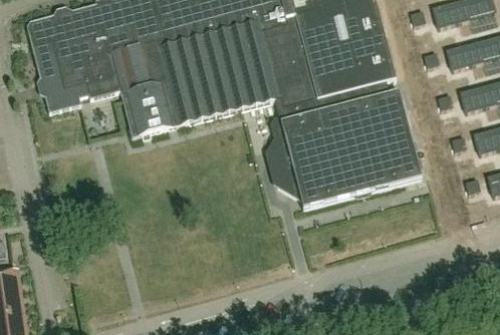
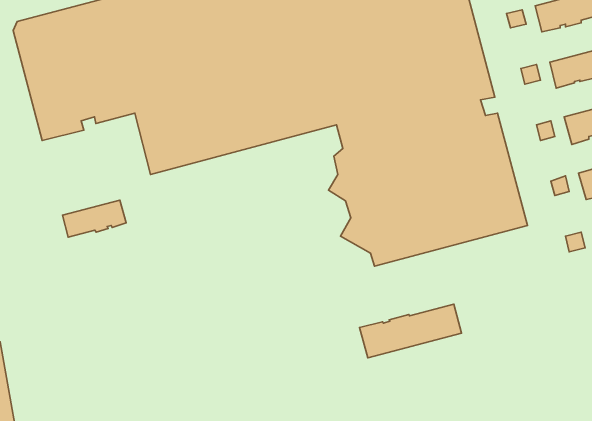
building: none -> [62,200,126,237]
building: none -> [359,304,461,358]

